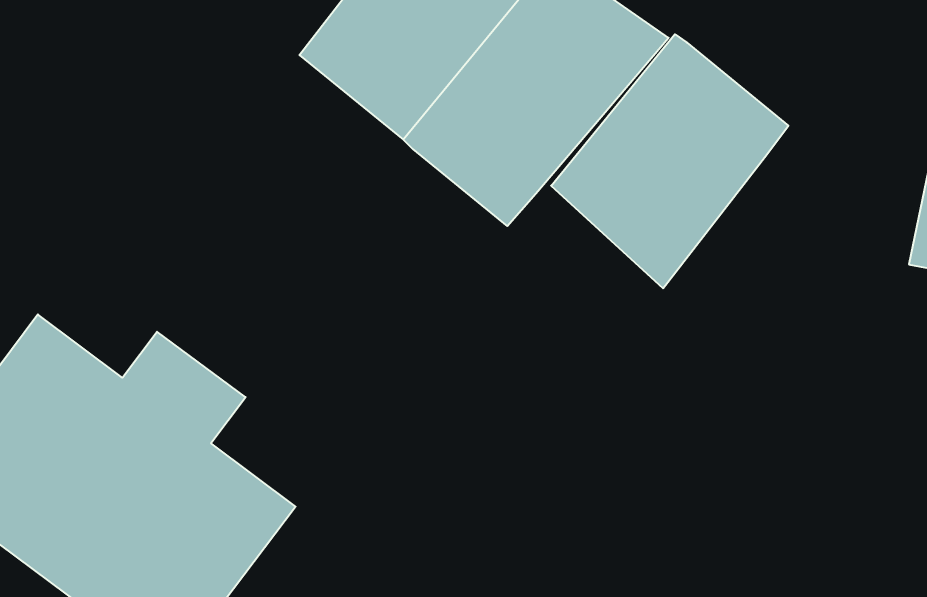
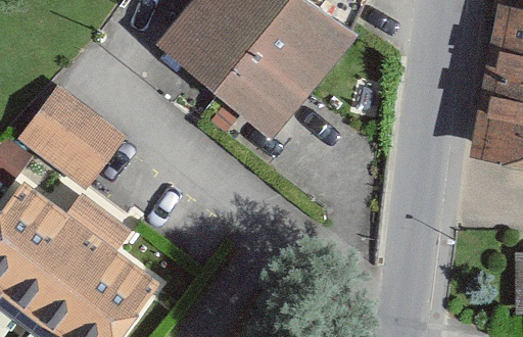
building: [551,34,788,288] -> none
building: none -> [19,87,124,187]

